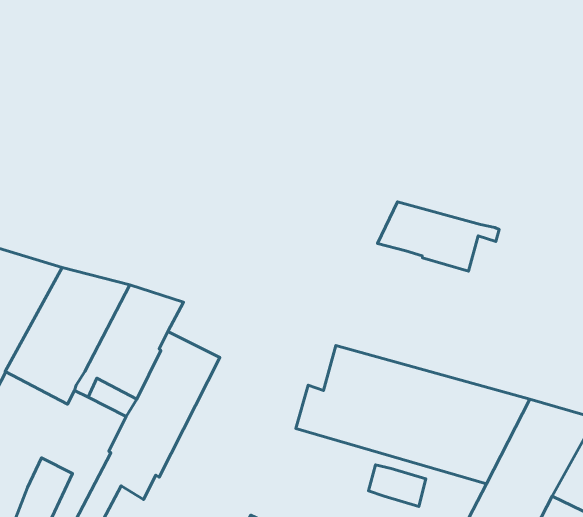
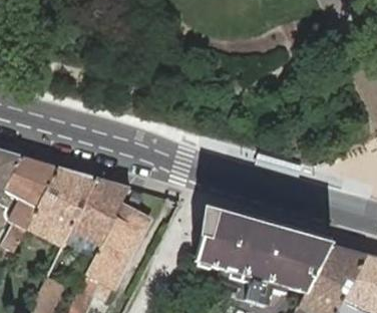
building: [377,202,499,271] -> none

